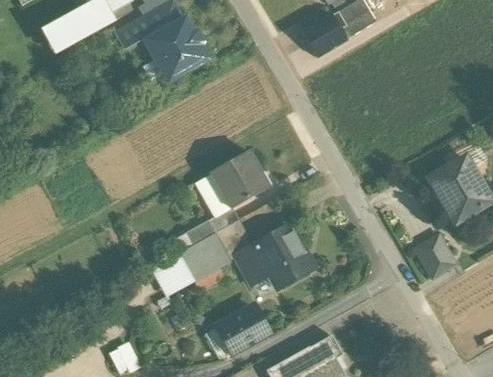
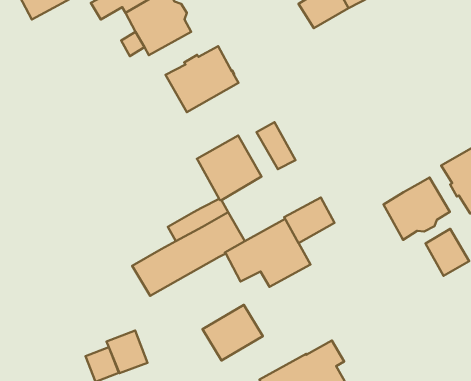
building: none -> [166,46,239,112]
building: [196,174,231,216] -> [257,122,296,169]
building: none -> [383,177,450,240]
building: none -> [284,197,334,243]
building: none -> [107,330,147,373]

